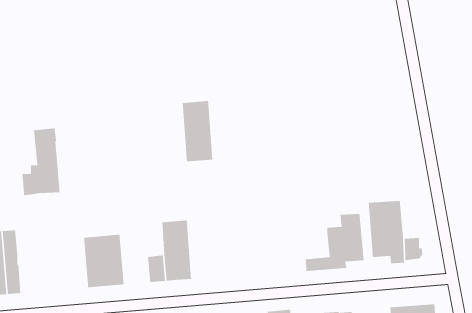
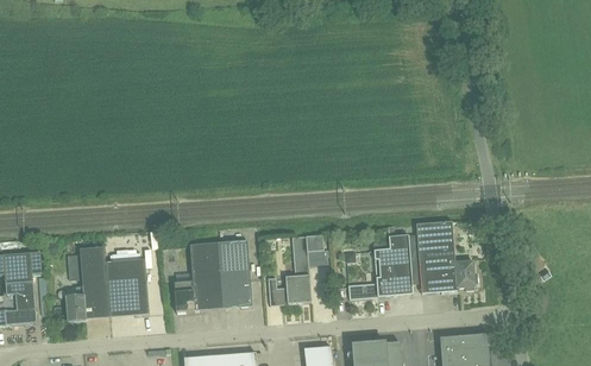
building: [182,100,213,162] -> [218,239,252,307]
building: [21,128,60,196] -> [65,245,108,320]
building: none -> [266,233,323,303]

